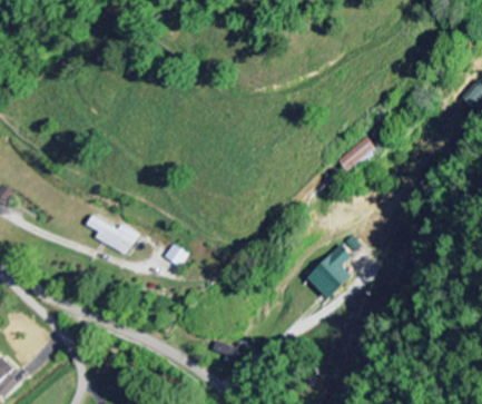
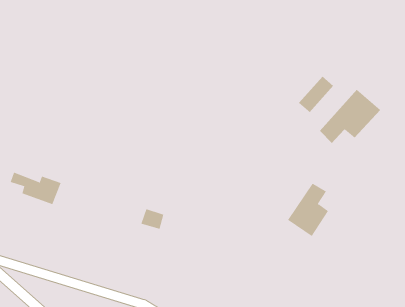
building: none -> [319,89,381,144]
building: [82,213,135,253] -> [10,172,61,205]

